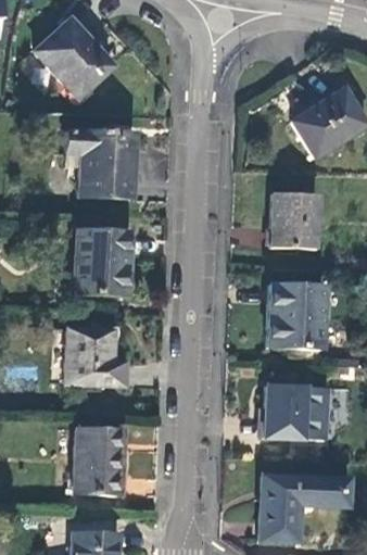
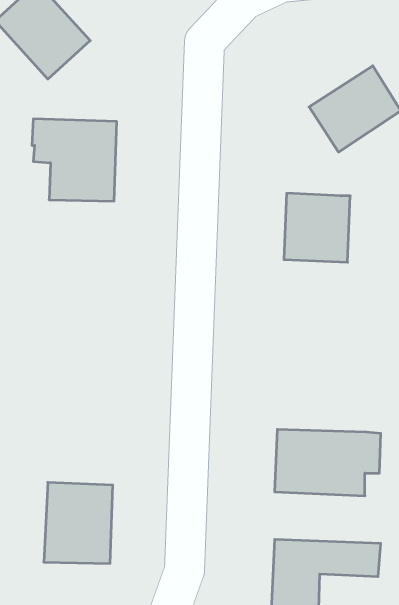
building: [74,229,130,294] -> none
building: [267,283,334,349] -> none
building: [64,328,129,386] -> none

